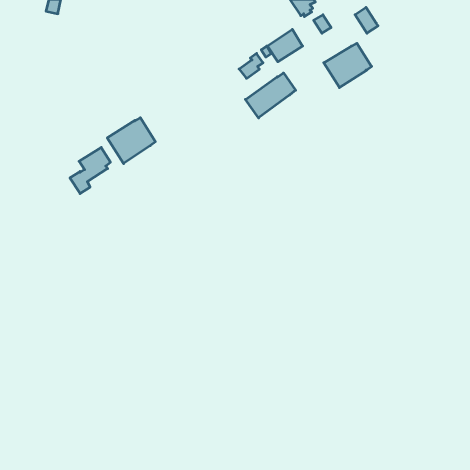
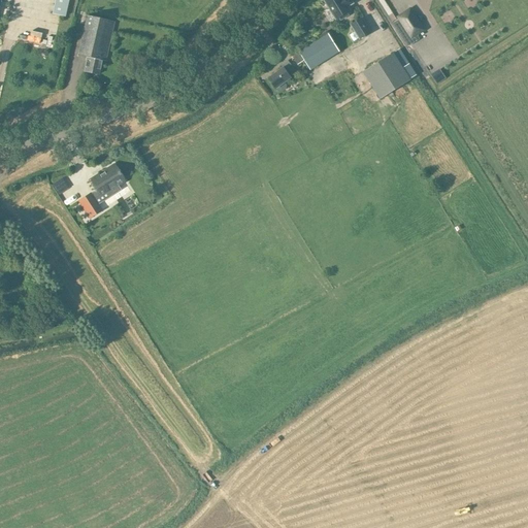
building: none -> [78,15,113,74]
building: [245,73,296,118] -> none
building: [107,118,155,164] -> none

